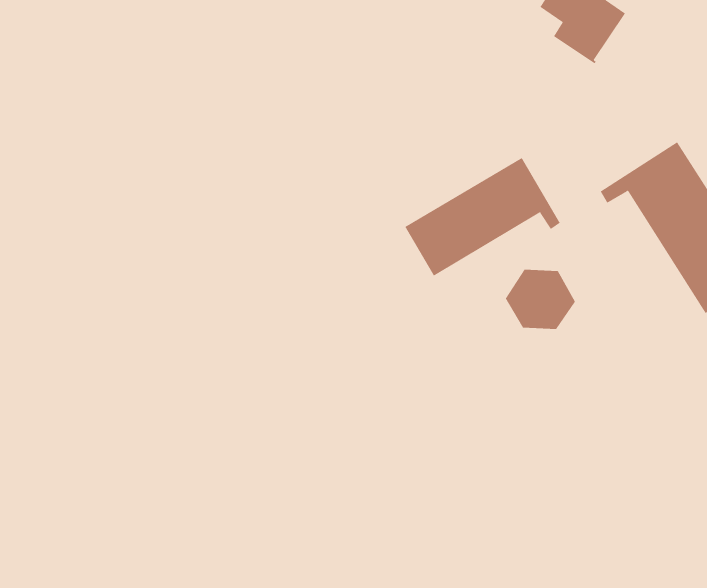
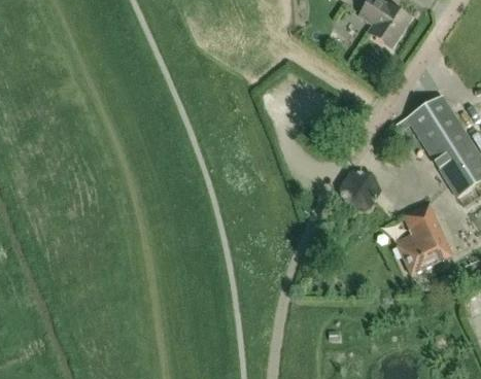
building: [404,157,561,277] -> none
building: none -> [396,203,452,275]

